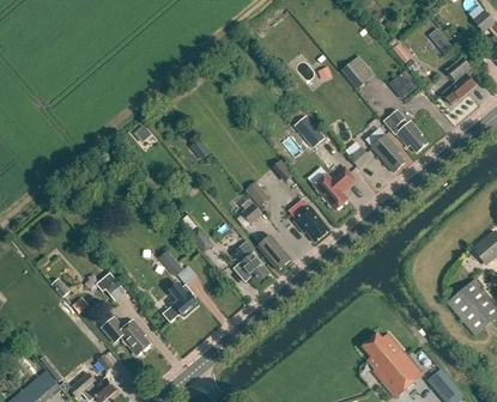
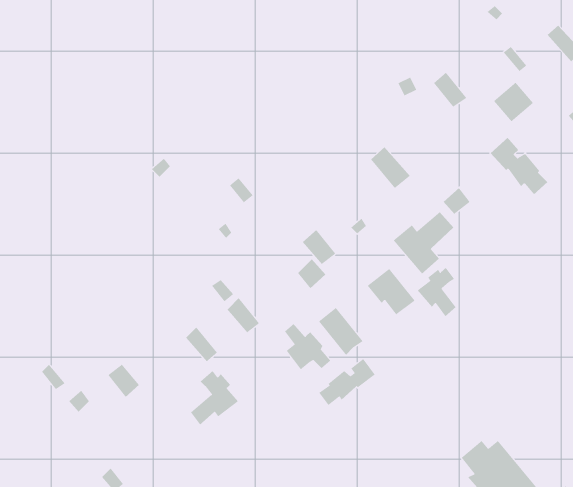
building: [371,134,405,171] -> none
building: none -> [417,267,457,317]
building: none -> [318,358,376,406]
building: [102,316,151,355] -> none

